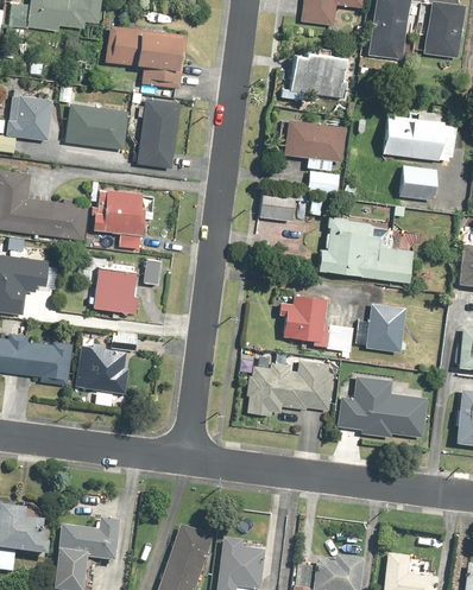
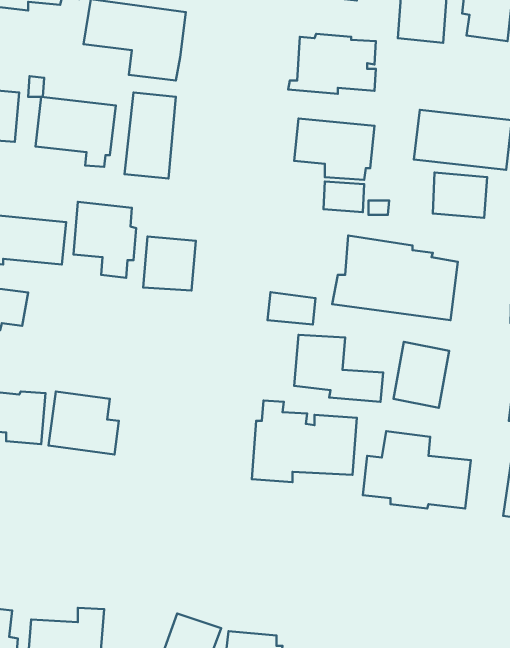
building: [252,195,291,221] -> [267,292,316,324]
building: [99,267,141,311] -> [143,236,196,290]

